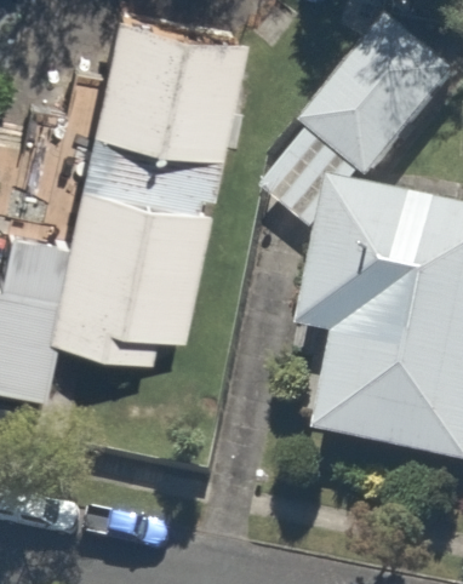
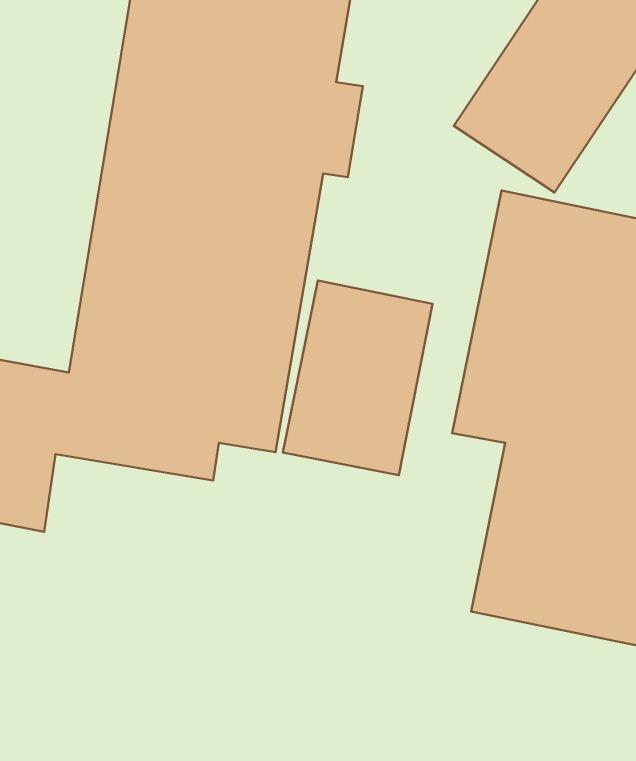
building: none -> [283,280,433,475]

